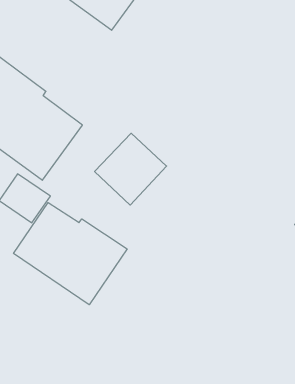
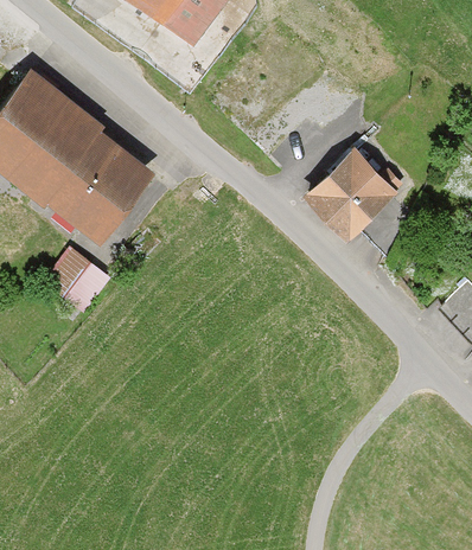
building: [95,133,167,205] -> [304,148,400,244]
building: [14,203,127,305] -> none

